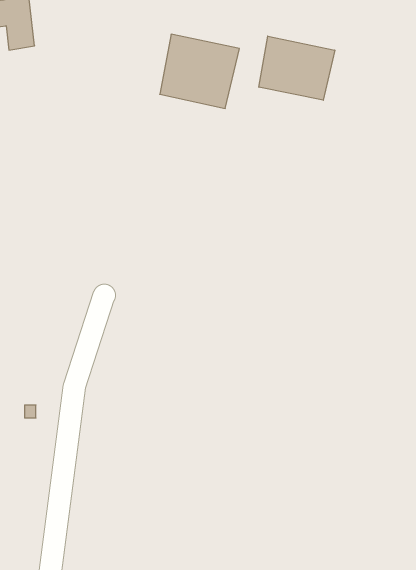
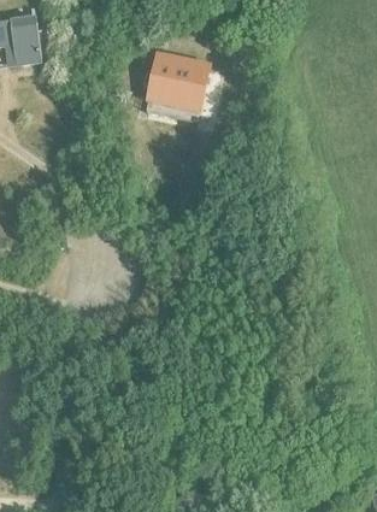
building: [259,36,335,100] -> none

